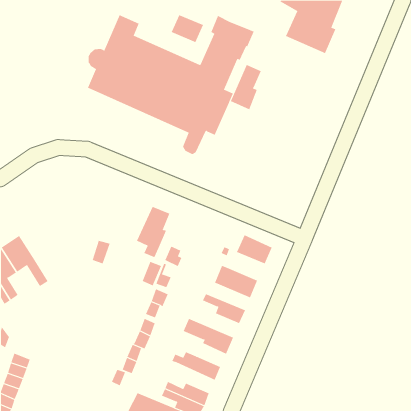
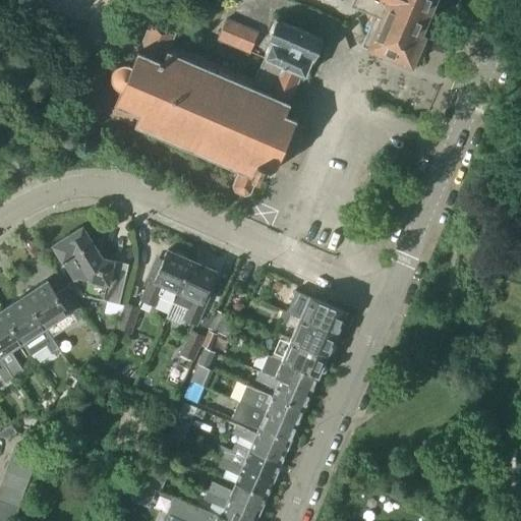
building: [230,64,262,110] -> none
building: none -> [53,228,129,304]
building: none -> [140,250,193,308]
building: none -> [25,283,69,330]
building: none -> [291,320,336,355]
building: none -> [260,356,317,393]
building: none -> [239,386,303,427]
building: none -> [233,426,287,464]
building: none -> [219,459,273,498]

